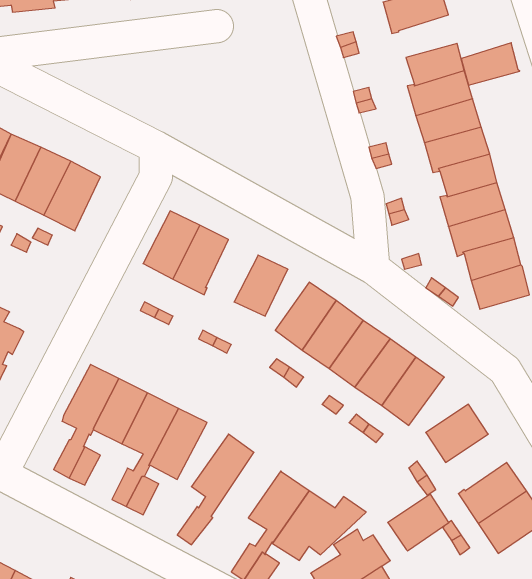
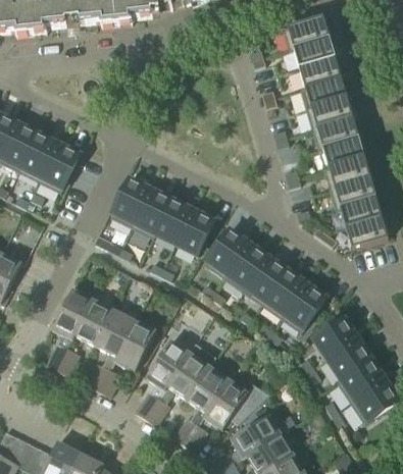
building: [462,43,520,85] -> [294,38,336,68]
building: none -> [155,199,193,244]
building: none -> [145,343,216,425]
building: [388,494,449,551] -> [328,338,371,379]

